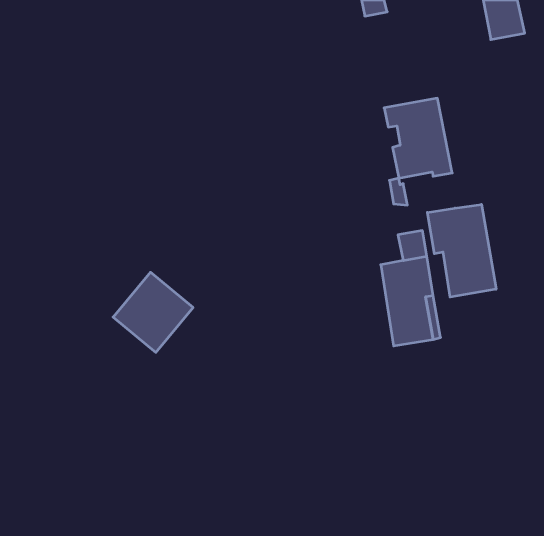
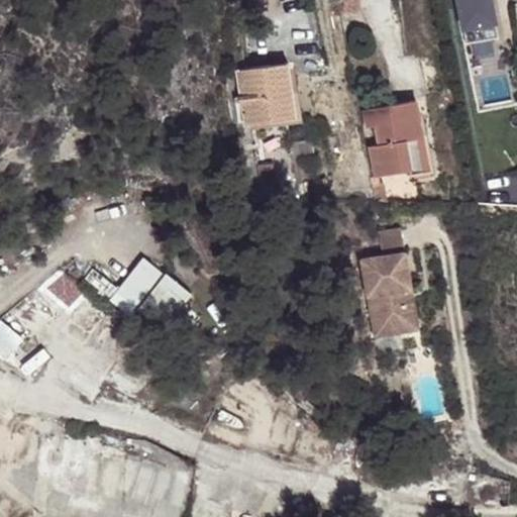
building: none -> [238,62,296,123]
building: [427,204,496,297] -> none

